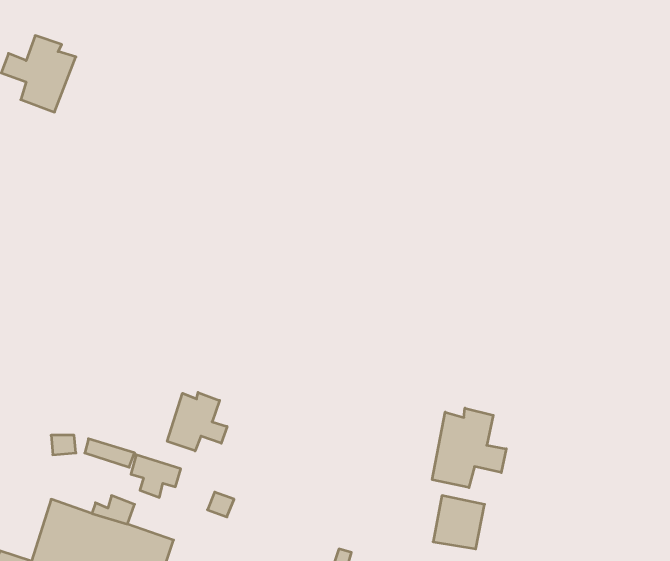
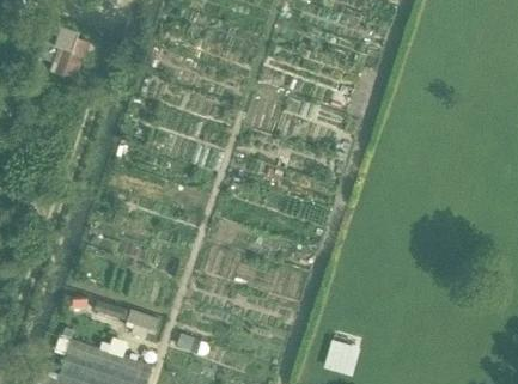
building: [167,392,227,451] -> none
building: [432,408,506,488] -> none

